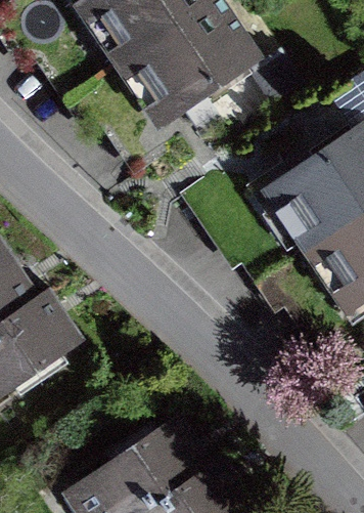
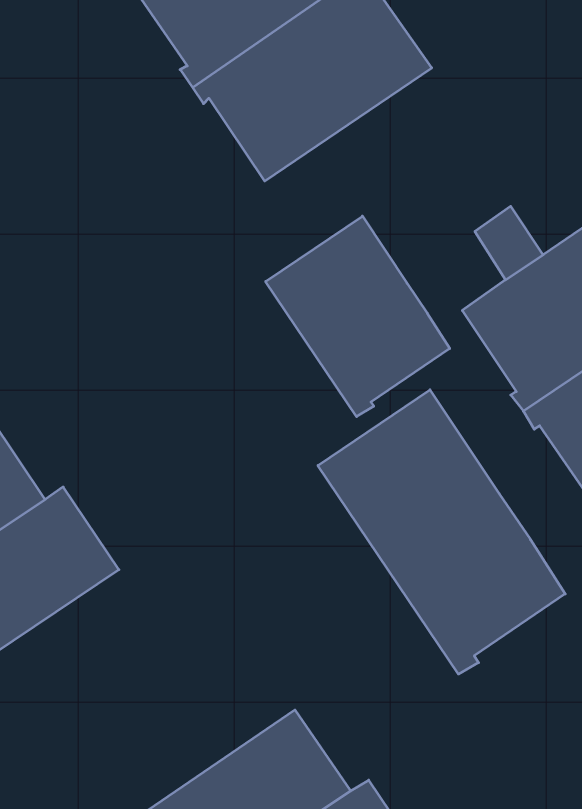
building: none -> [266,216,450,417]
building: none -> [318,390,565,674]

